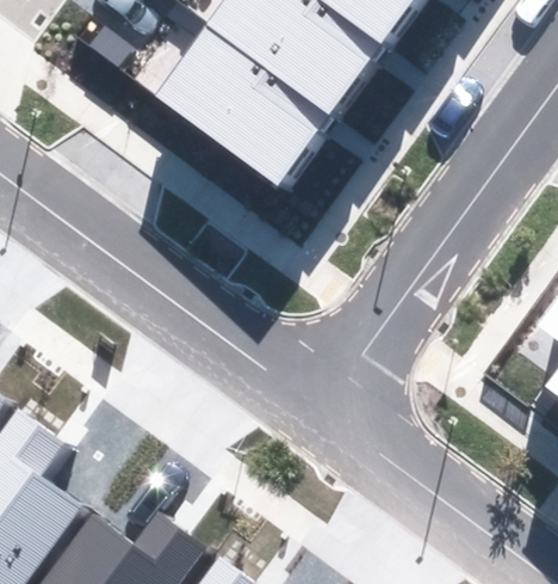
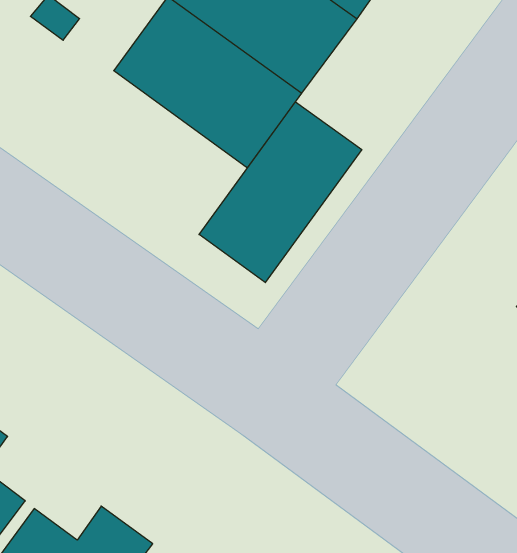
building: none -> [199,102,362,283]

